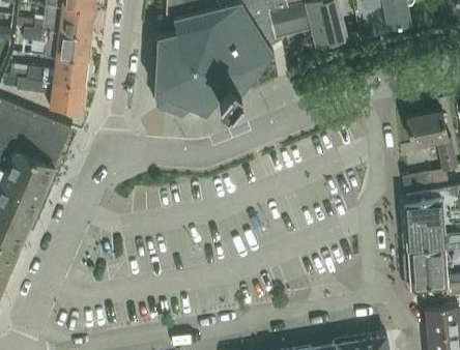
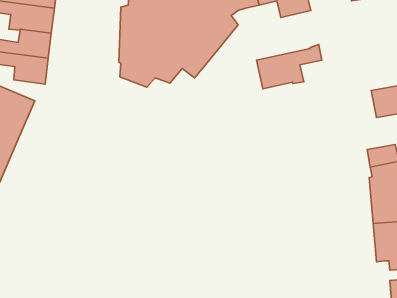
building: none -> [256,44,322,89]

